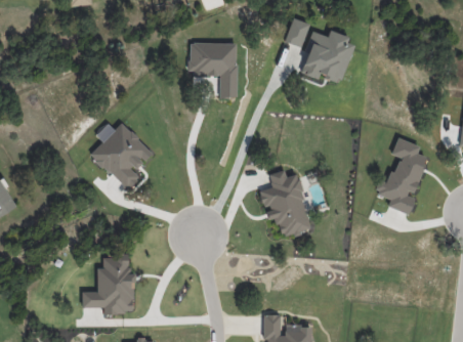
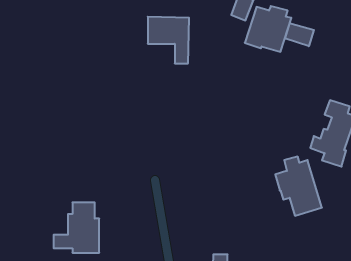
building: none -> [285,23,314,46]
building: [91,123,153,190] -> none
building: [259,170,312,238] -> [275,157,322,216]

